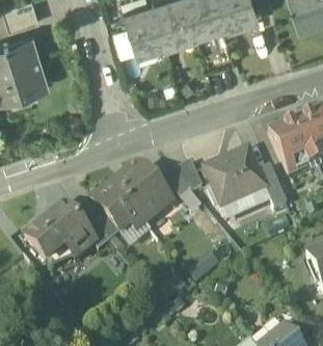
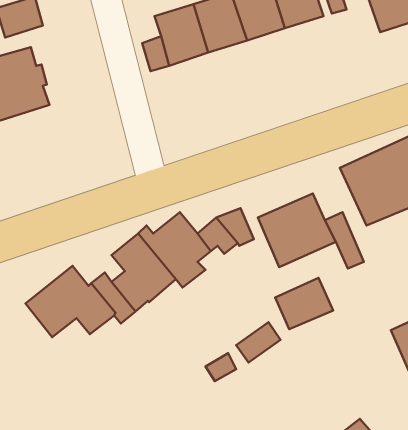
building: none -> [275,278,333,329]

